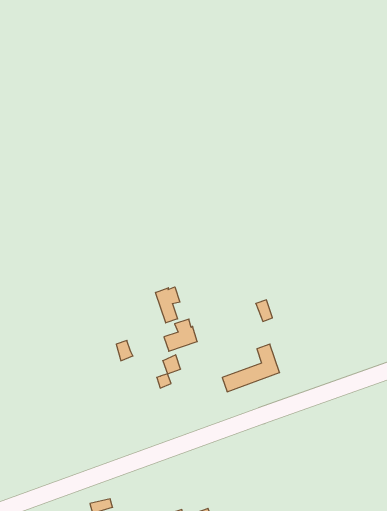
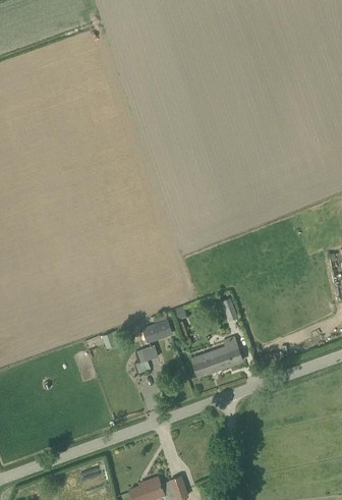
building: [156,287,180,323] -> none

